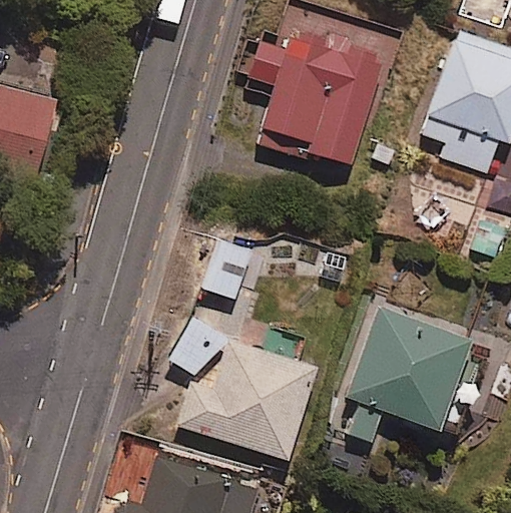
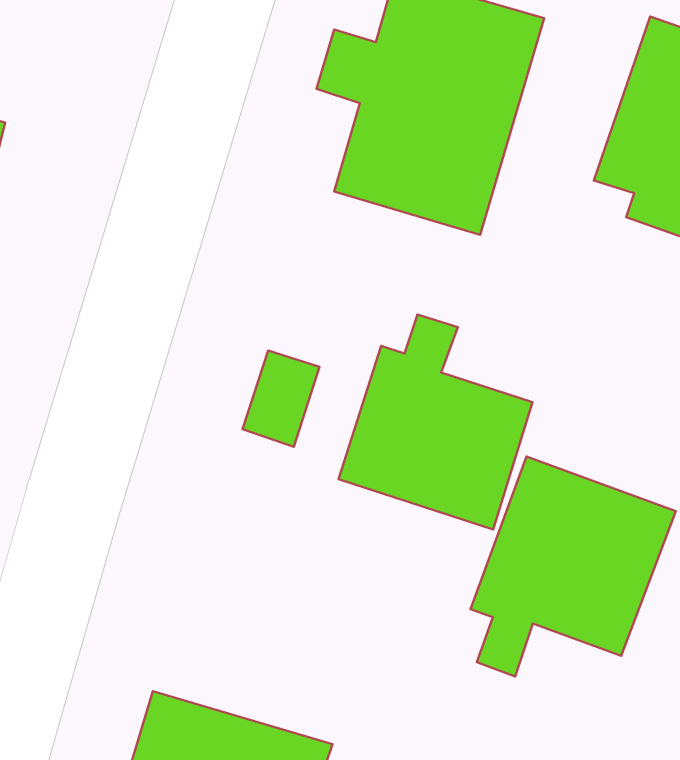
building: none -> [338,314,533,529]
building: [177,341,317,461] -> none

